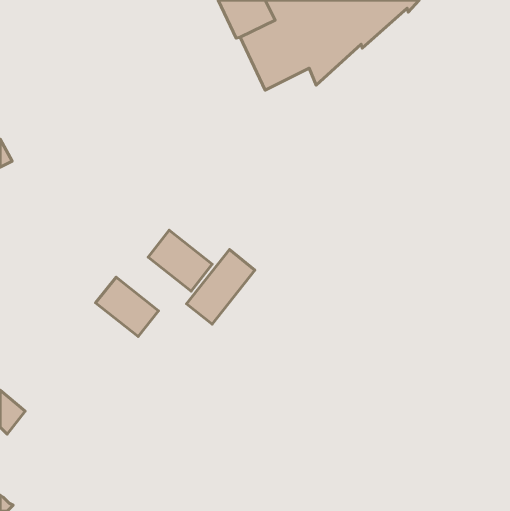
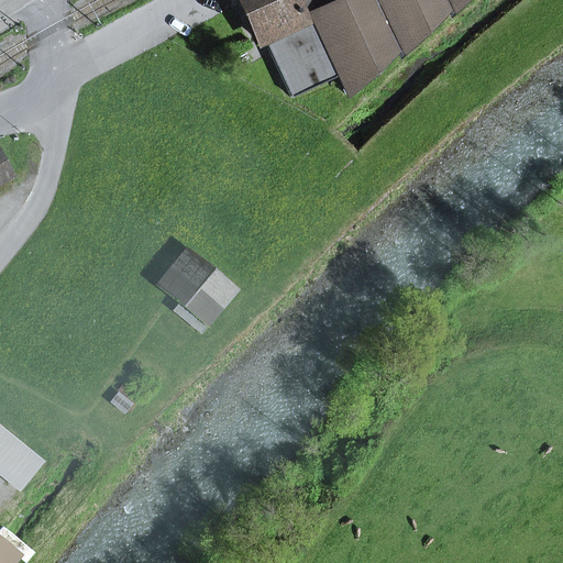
building: [187,250,255,324] -> none
building: [96,277,159,336] -> none

